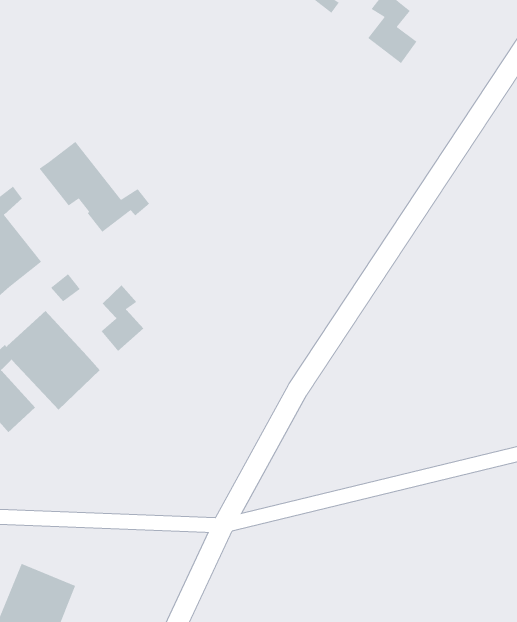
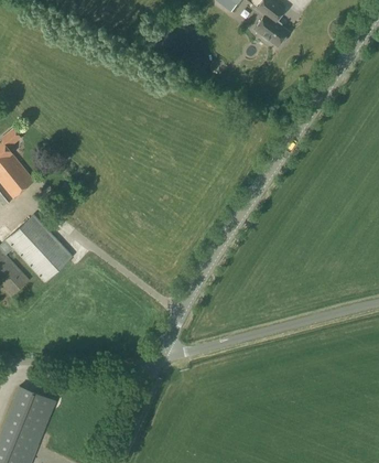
building: [39,141,150,233] -> none
building: [101,285,144,352] -> none

